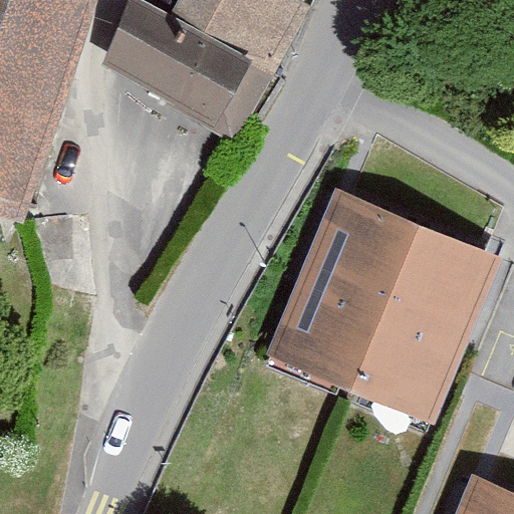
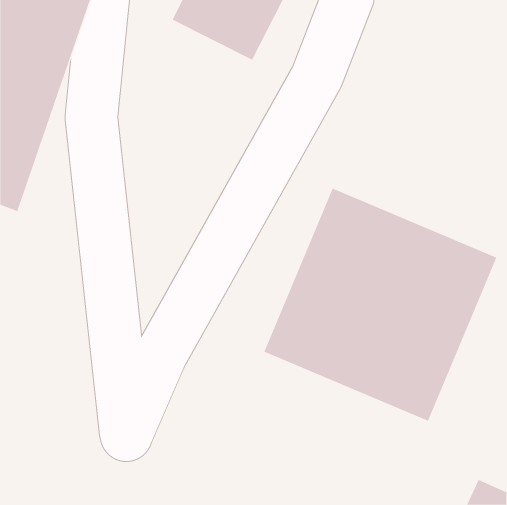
building: [113,5,255,120] -> none

